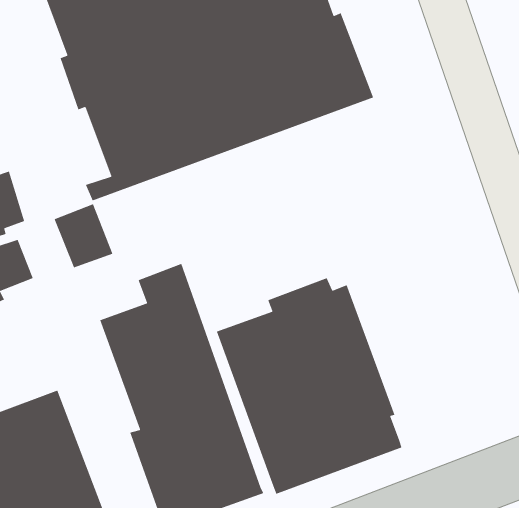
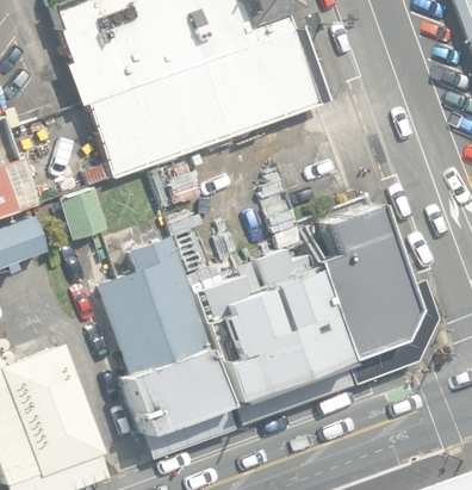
building: none -> [310,203,436,384]

